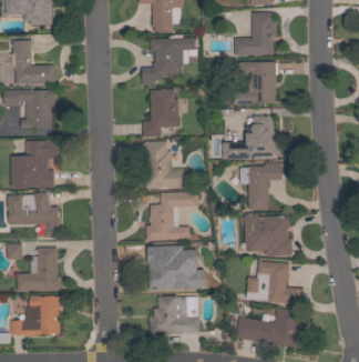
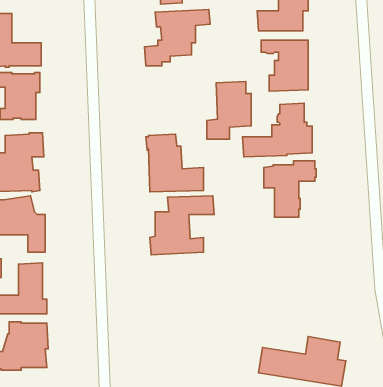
building: [142,88,178,135] -> [207,81,251,139]
building: [244,212,291,254] -> none
building: [147,242,199,288] -> none
building: [246,260,299,303] -> none
building: [148,294,199,333] -> none

